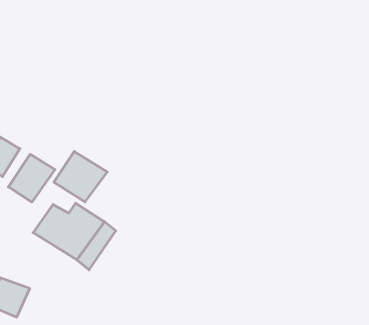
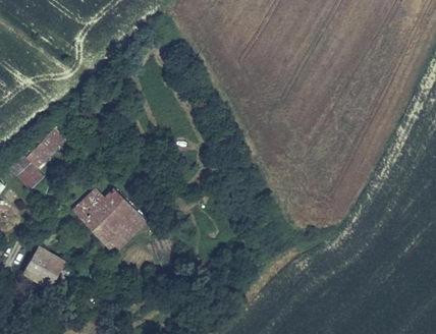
building: [54,151,107,202] -> none
building: [8,154,55,202] -> none

